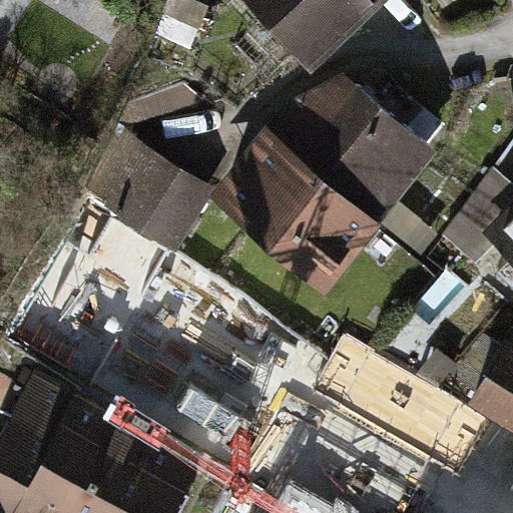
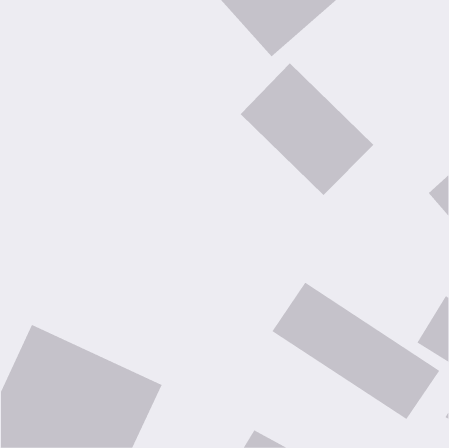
building: [215,130,369,283] -> none
building: [108,141,205,237] -> none

